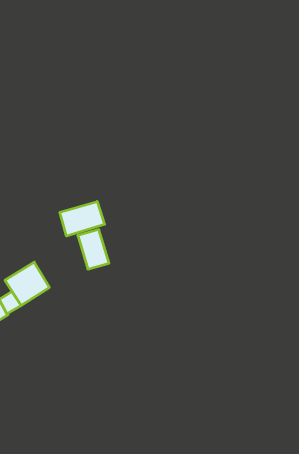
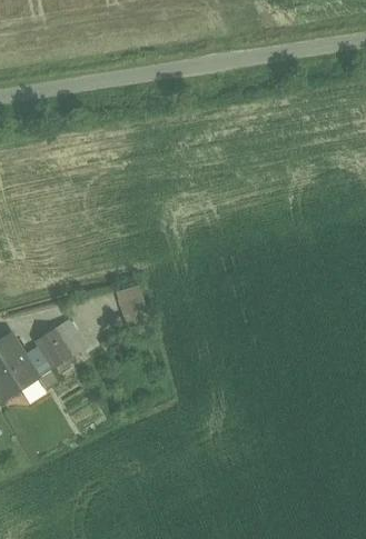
building: [60,201,105,236] -> none

